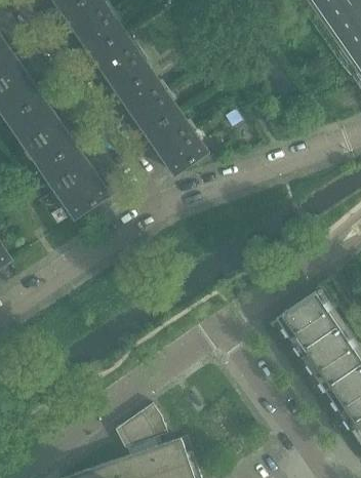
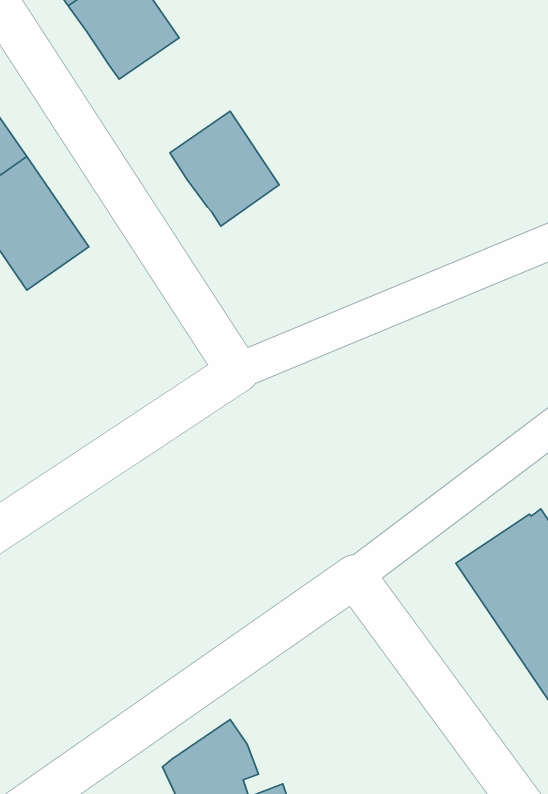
building: [91,32,152,94] -> none
building: [147,112,206,174] -> none
building: [41,146,109,217] -> none

